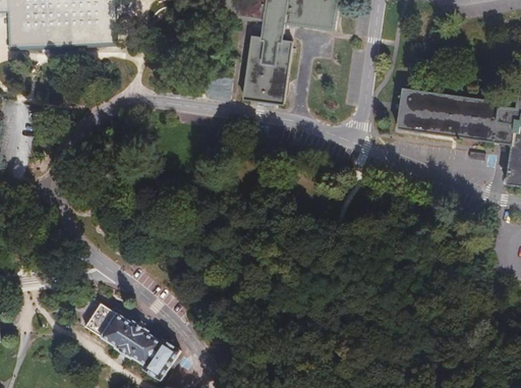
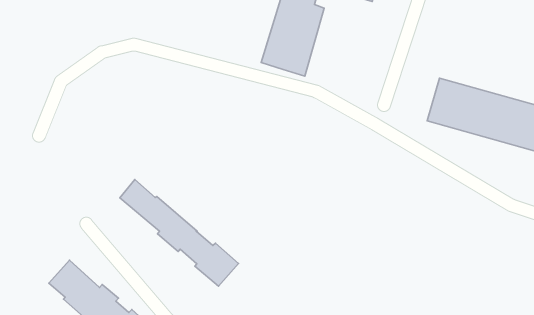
building: none -> [120,180,238,286]

